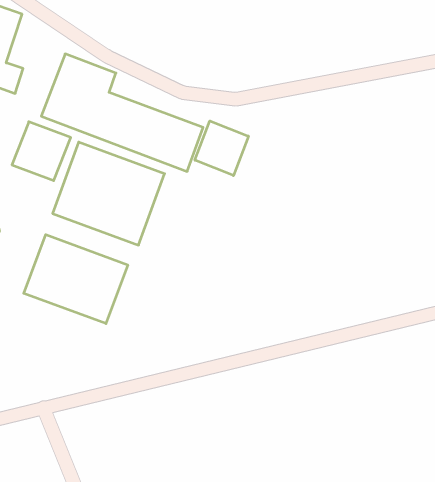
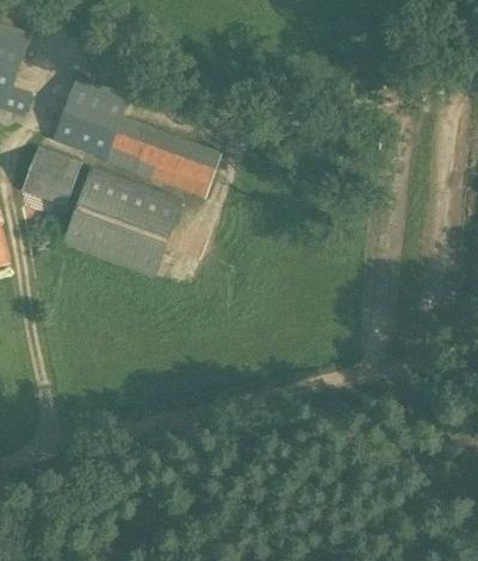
building: [195,121,248,176] -> none
building: [24,235,128,324] -> none

